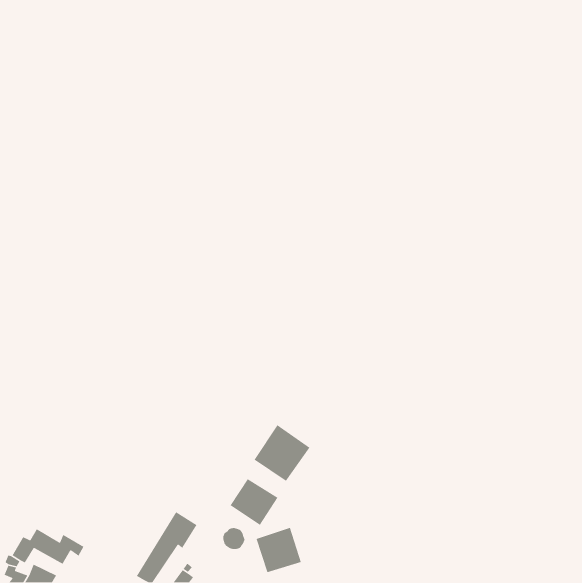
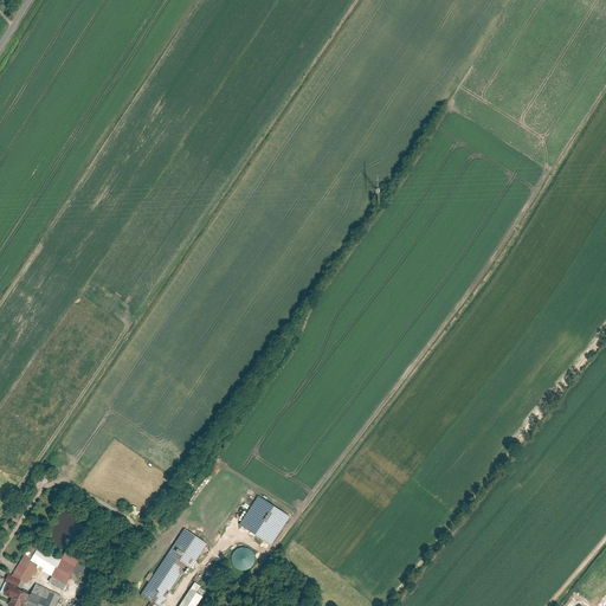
building: [253,424,310,482] -> none
building: [255,527,302,573] -> none

